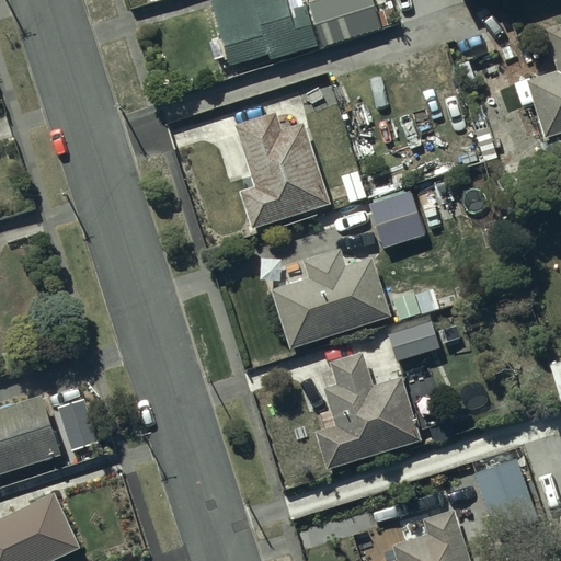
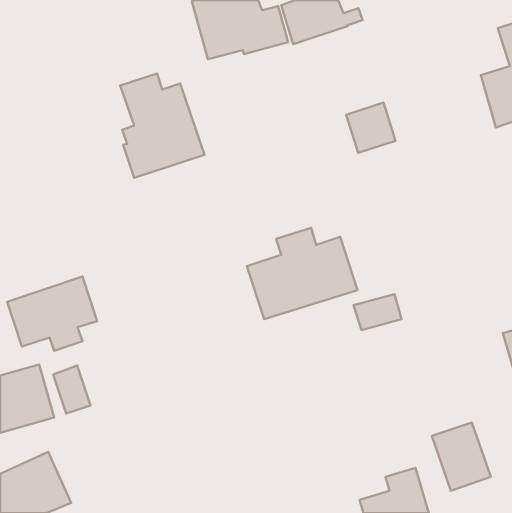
building: [236,114,328,228] -> [120,73,204,178]
building: [370,193,424,248] -> [346,103,395,153]
building: none -> [7,276,97,351]
building: [314,355,419,469] -> none

